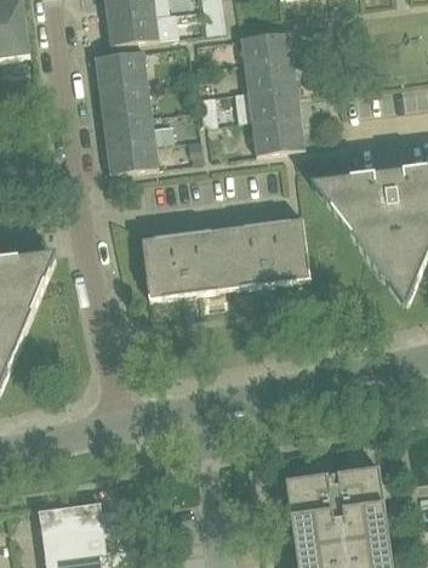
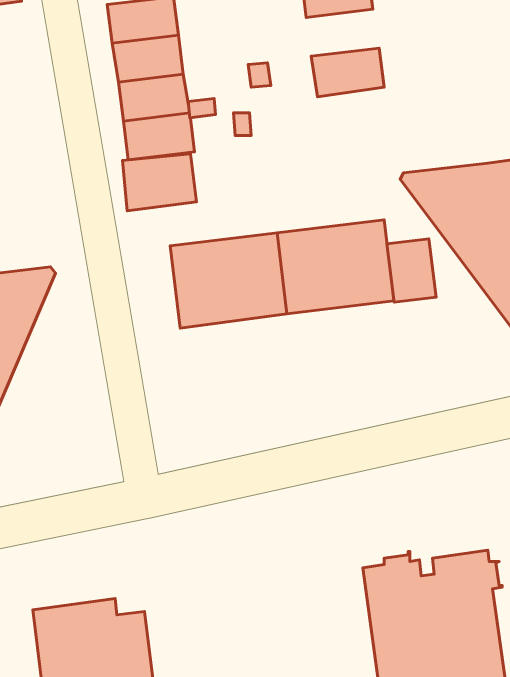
building: [242,58,297,93] -> none
building: [251,117,304,153] -> none
building: none -> [122,154,197,211]
building: none -> [387,239,436,302]

